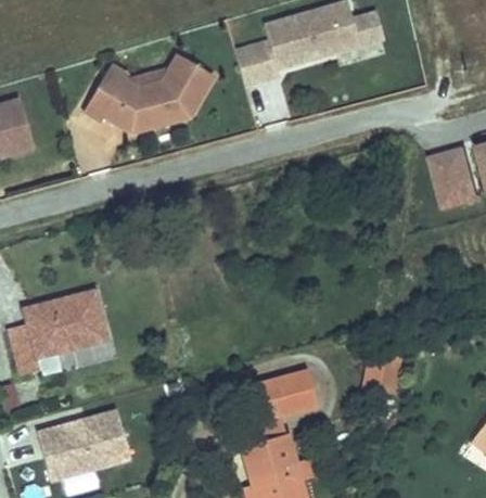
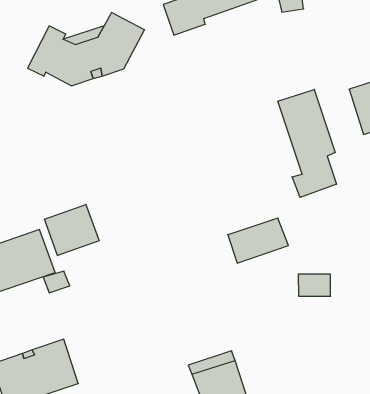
building: none -> [278,89,337,197]
building: none -> [45,204,99,256]
building: [251,370,316,417] -> [228,218,288,263]

